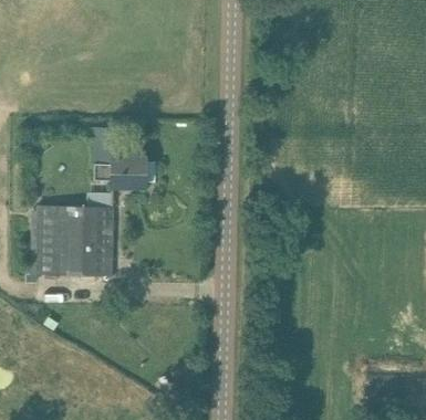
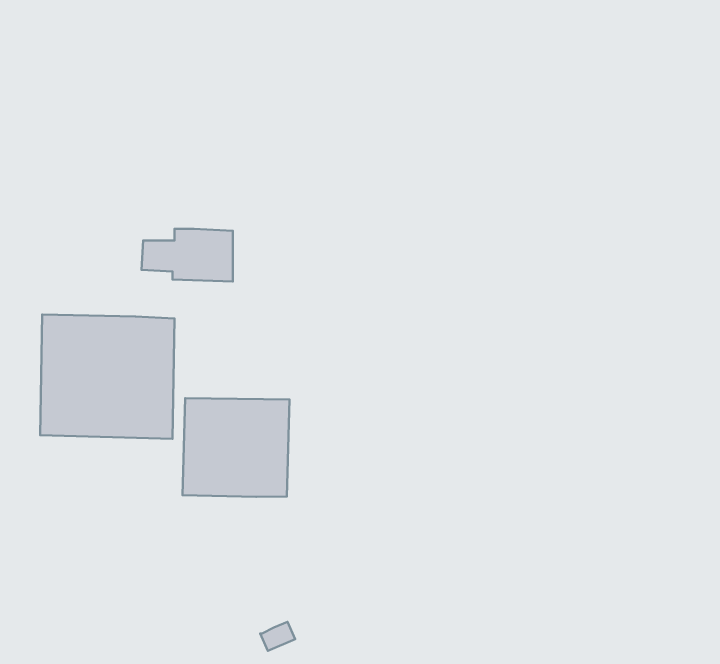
building: none -> [183,398,289,497]

